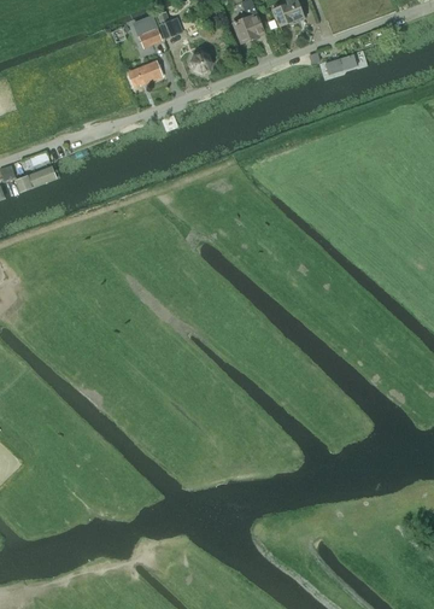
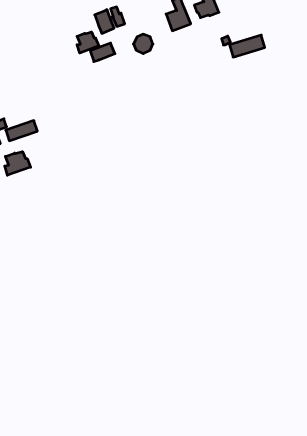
building: none -> [77,32,99,53]
building: none -> [5,152,31,175]

